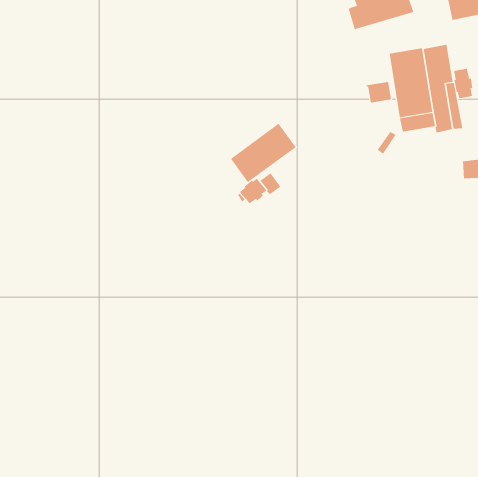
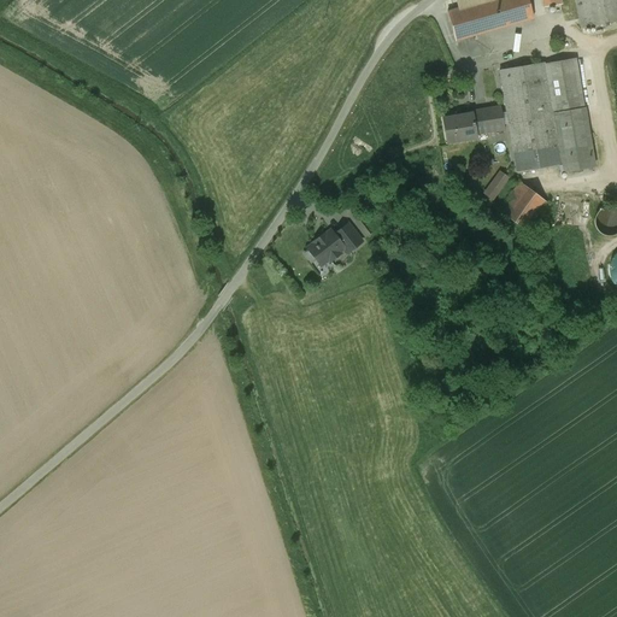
building: [454,68,473,99] -> none
building: none -> [443,112,477,141]
building: [230,123,296,182] -> none
building: none -> [501,182,550,229]

